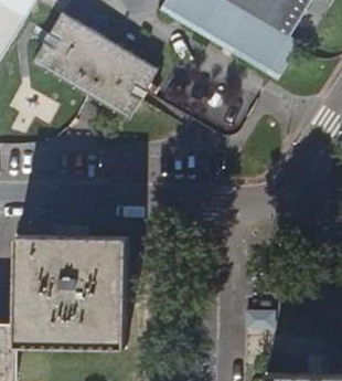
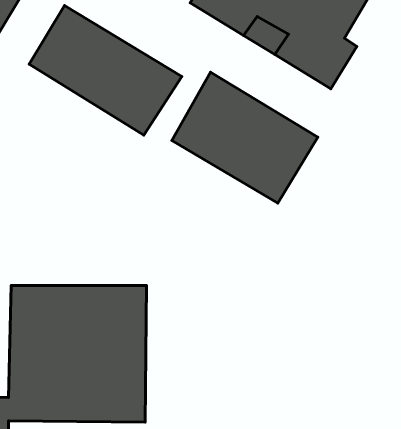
building: none -> [172,72,318,203]

